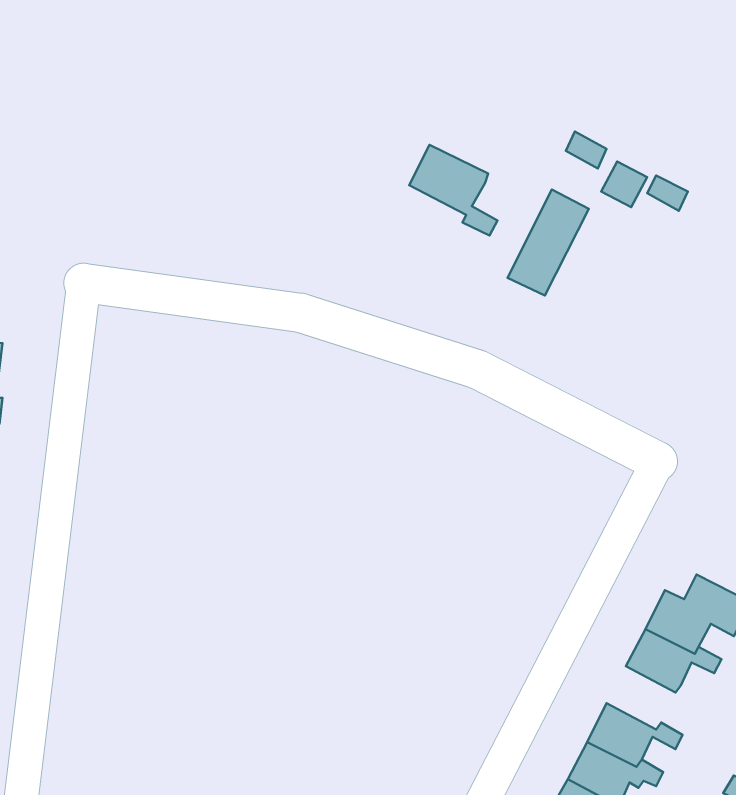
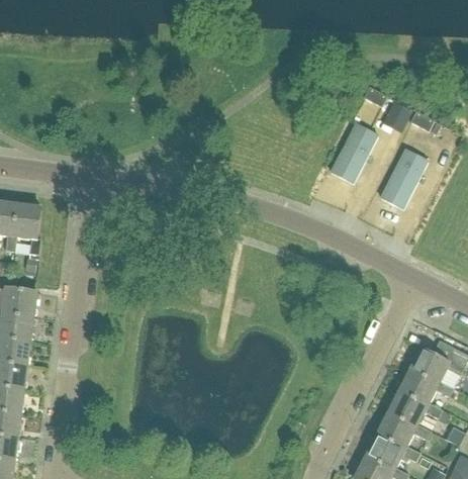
building: [409,145,498,236] -> none
building: none -> [380,146,428,207]
building: none -> [387,393,442,429]

